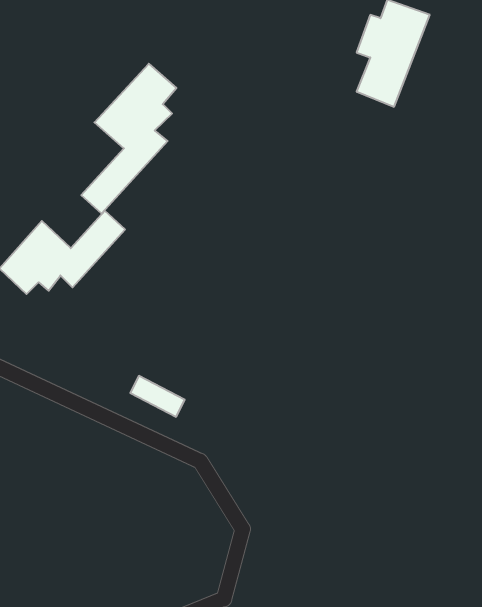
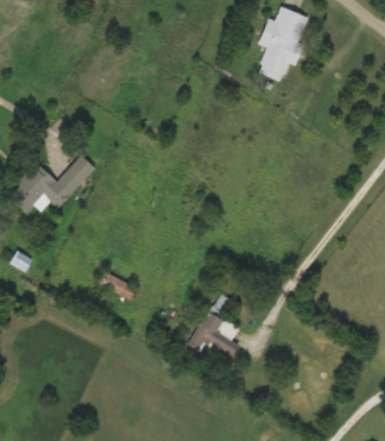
building: [81,64,176,213] -> none
building: none -> [186,310,239,357]

